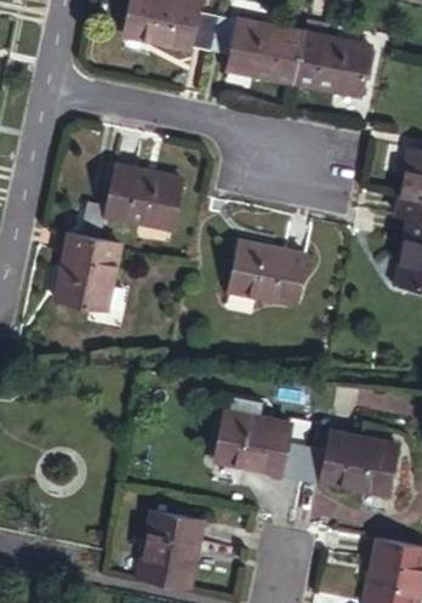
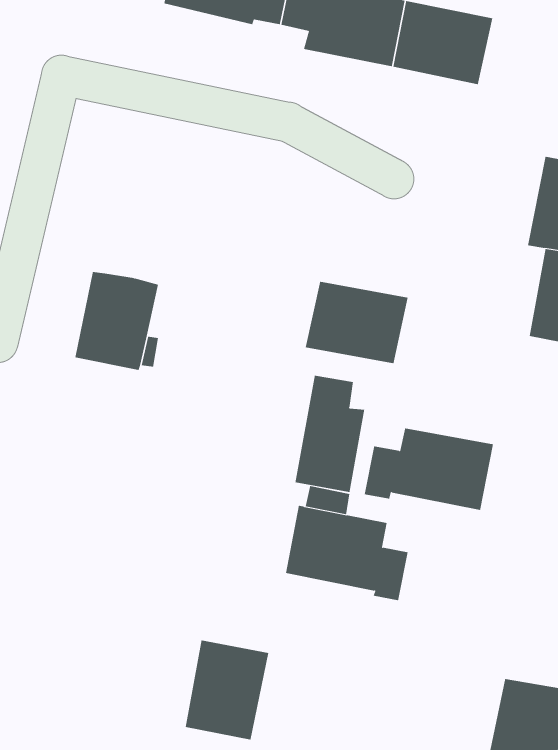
building: [80,166,182,240] -> none
building: none -> [295,375,365,493]
building: [300,432,397,494] -> [364,428,494,511]

